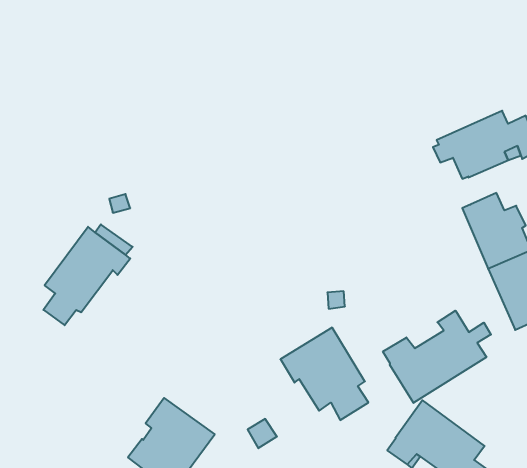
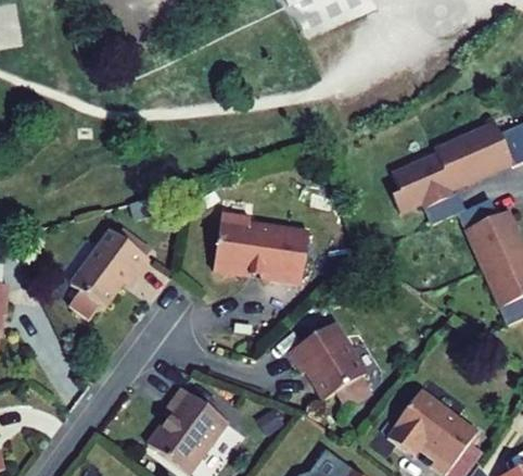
building: none -> [391,154,464,223]
building: none -> [213,212,309,281]
building: [383,311,491,403] -> none

